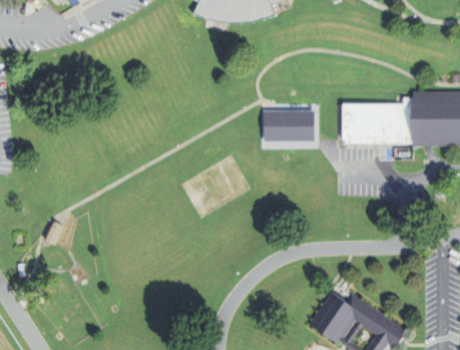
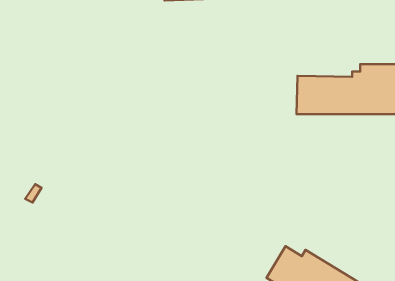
building: [264,110,316,140] -> none

